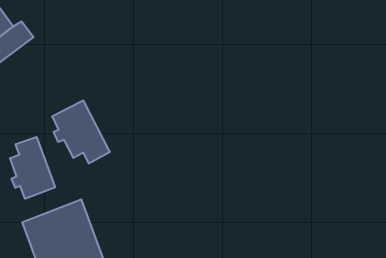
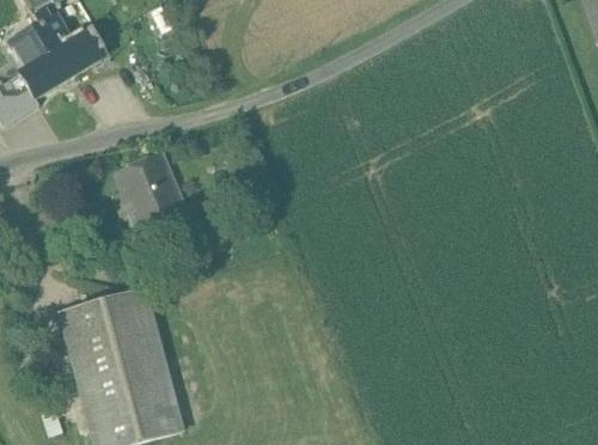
building: [10,137,55,199] -> none

